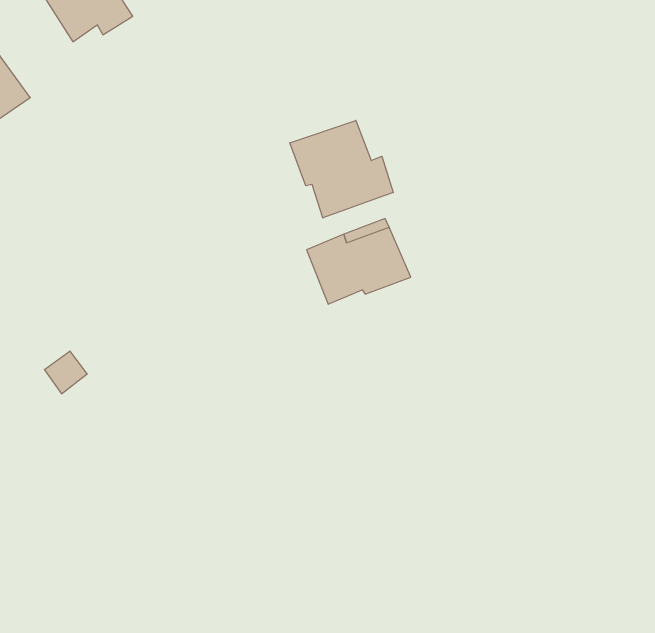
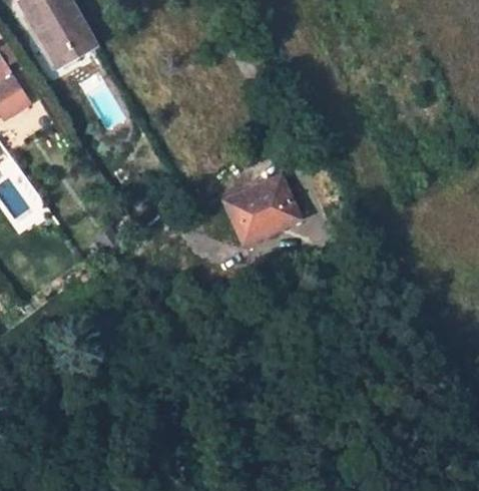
building: [290,120,393,218] -> none

